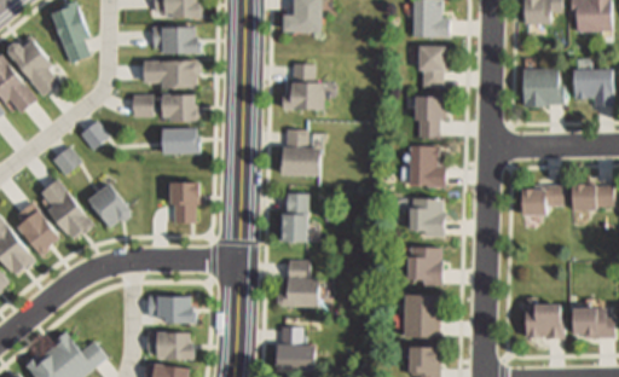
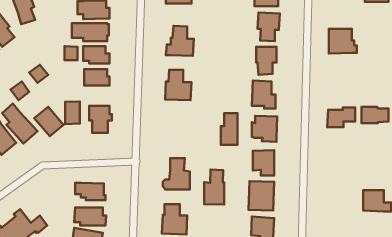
building: [573,69,611,104] -> none
building: none -> [65,101,80,124]
building: [280,193,305,240] -> [221,113,237,145]
building: none -> [204,169,224,204]
building: [525,304,562,340] -> none

